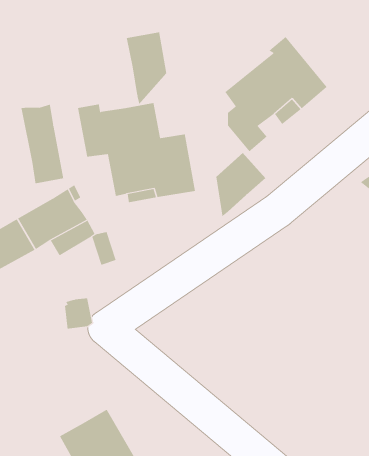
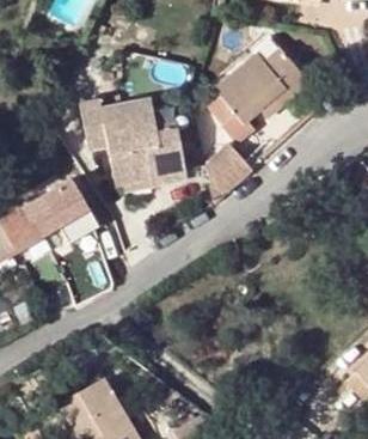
building: [126,32,167,105] -> none
building: [21,104,64,184] -> none

